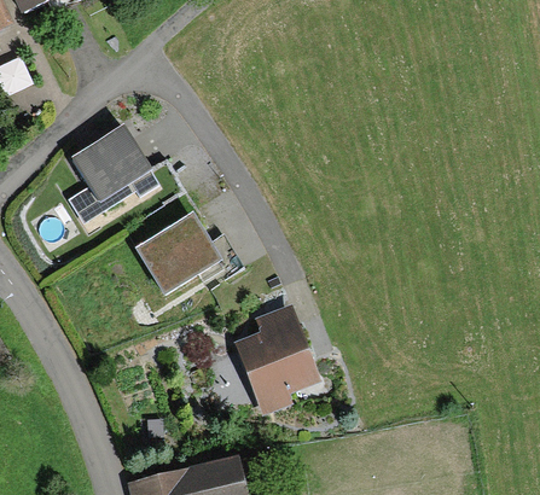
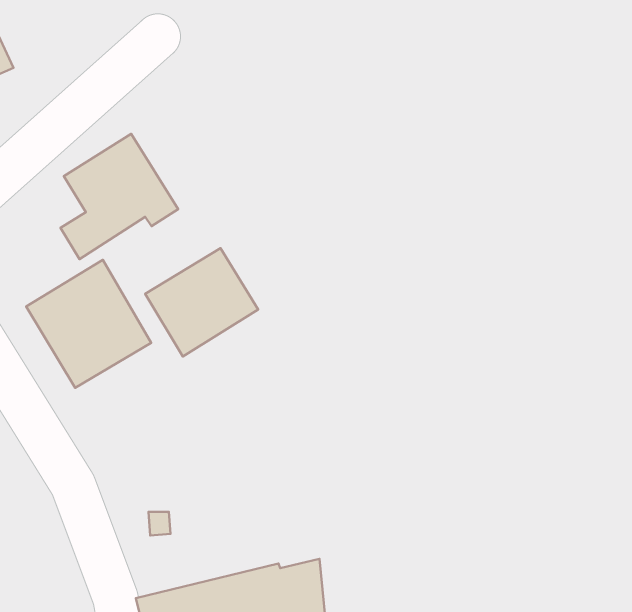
building: none -> [26,260,151,388]
building: [233,303,320,414] -> none

